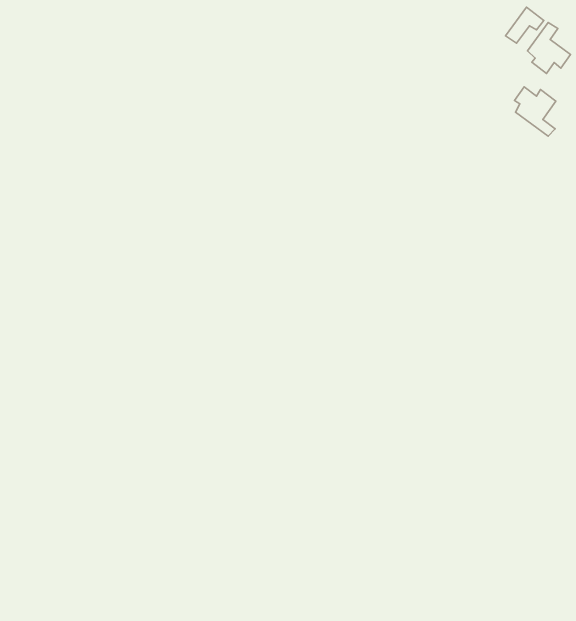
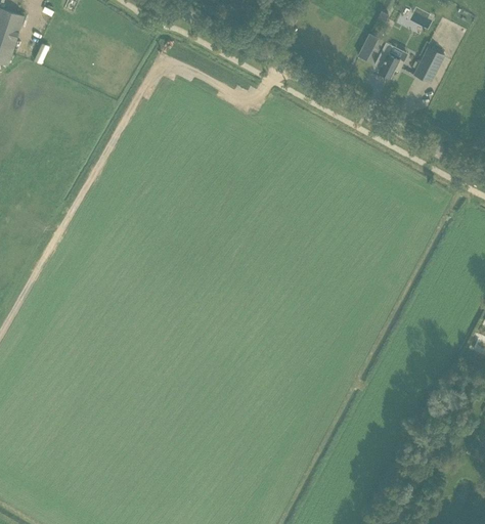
building: [515,87,556,136] -> none

